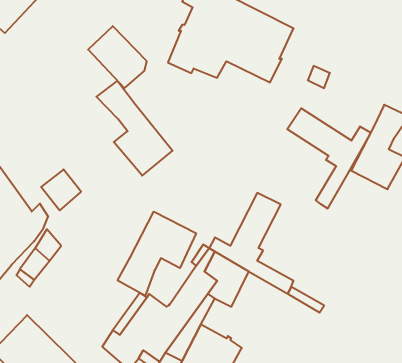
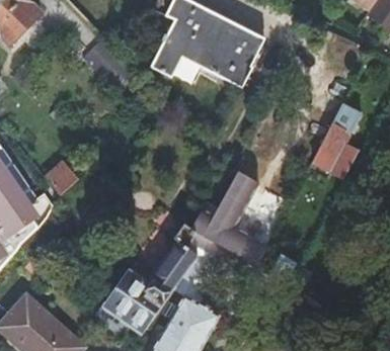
building: [96,81,173,176] -> none
building: [287,108,371,209] -> none
building: [118,212,196,296] -> none

